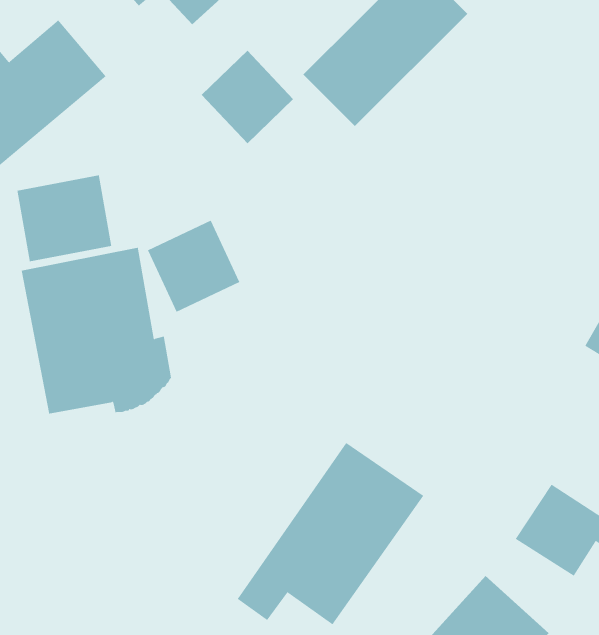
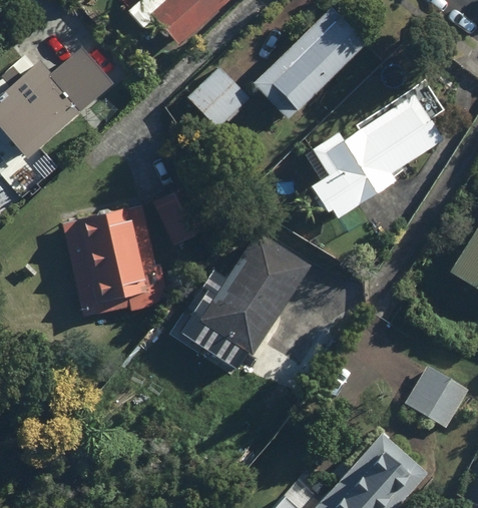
building: none -> [310,93,442,220]
building: [17,174,112,262] -> none
building: [237,442,424,625] -> [185,228,315,355]

